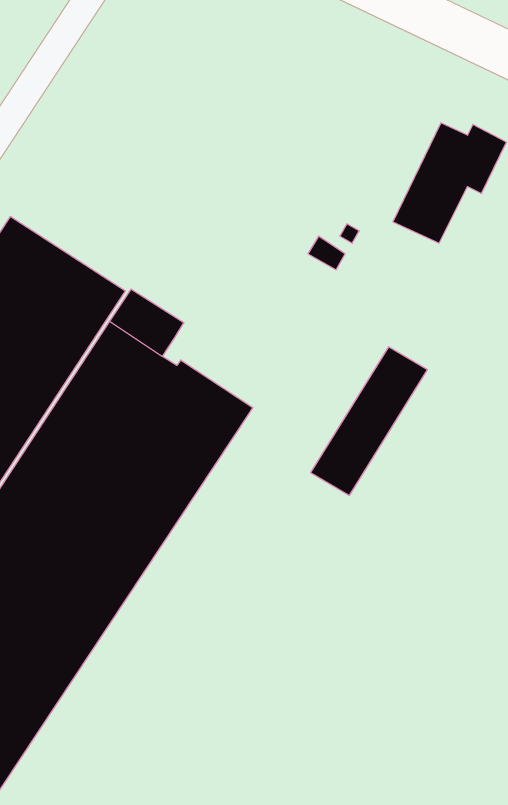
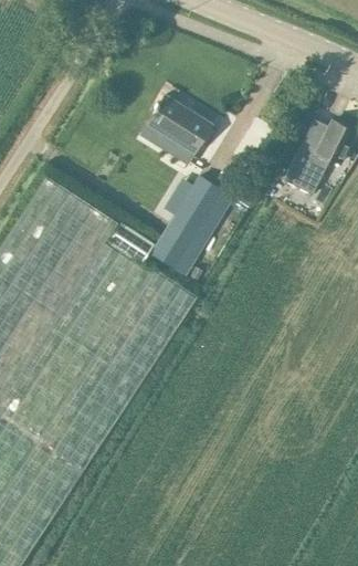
building: none -> [146,95,211,154]
building: [311,347,427,495] -> [149,176,222,269]

